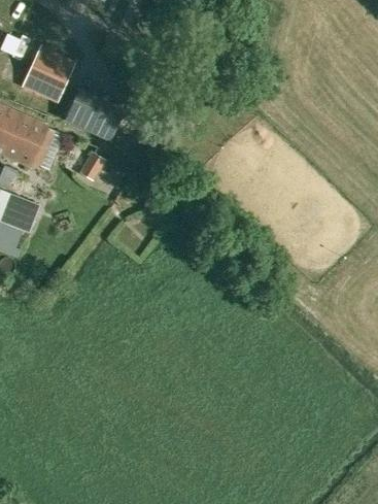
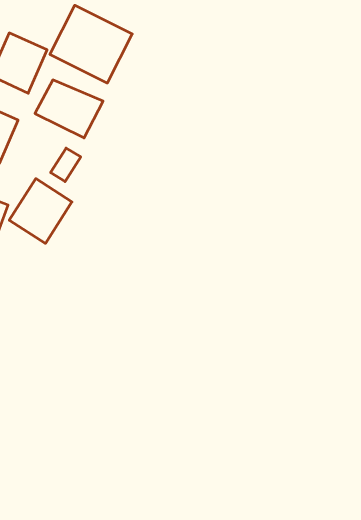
building: none -> [50,5,132,83]
building: none -> [9,179,72,243]

